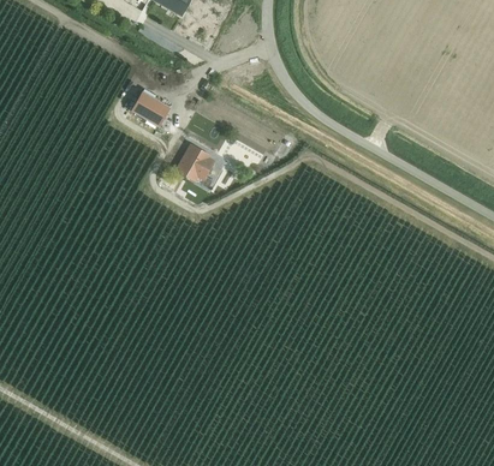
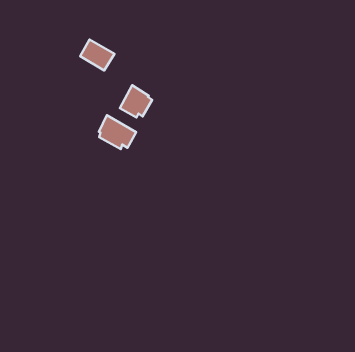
building: none -> [99,115,136,149]

